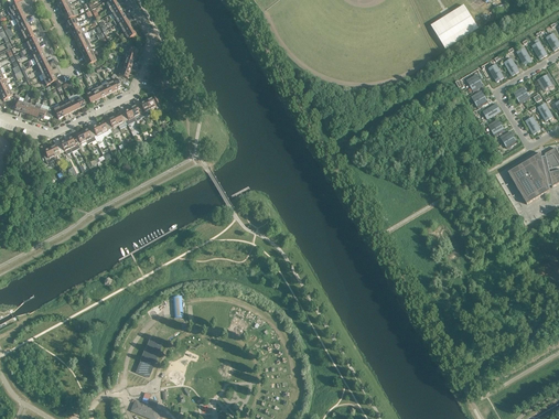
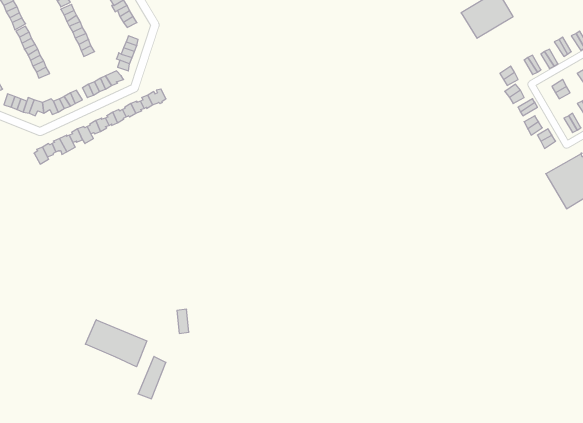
building: none -> [85,320,147,367]

